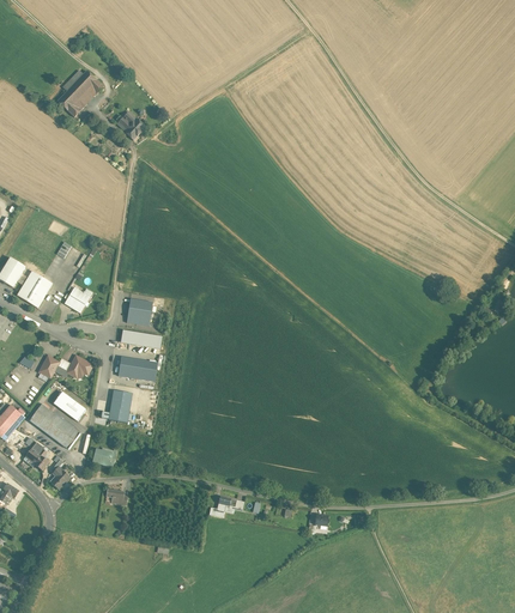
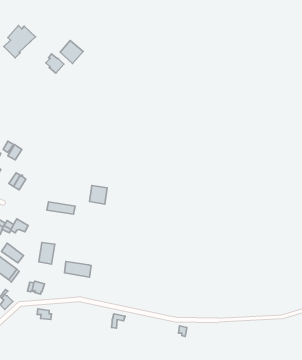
building: none -> [60,41,83,64]
building: [126,298,152,326] -> [89,185,107,204]
building: [117,359,157,382] -> [64,262,91,277]

